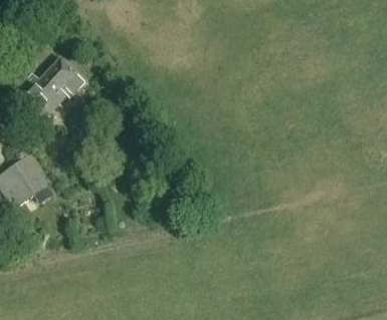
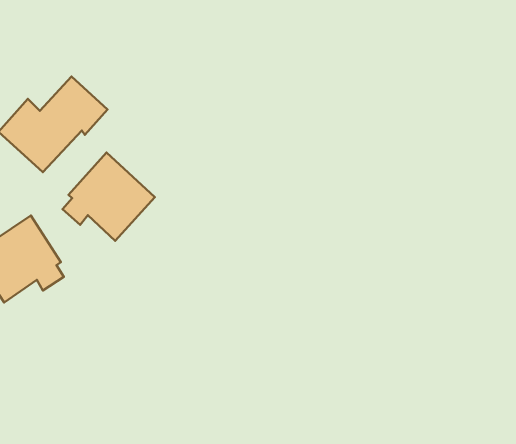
building: none -> [63,152,155,241]

